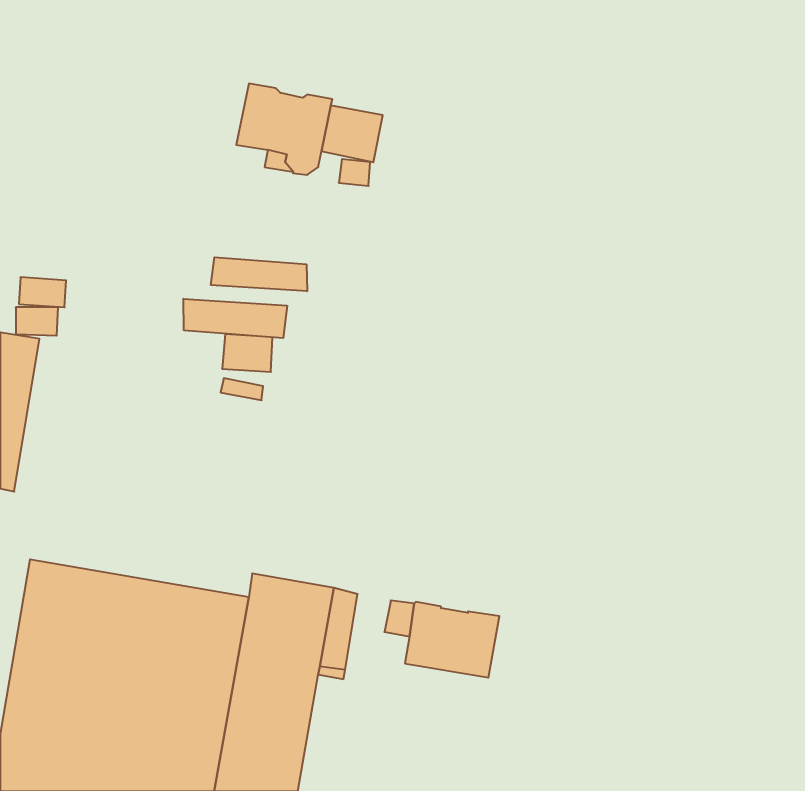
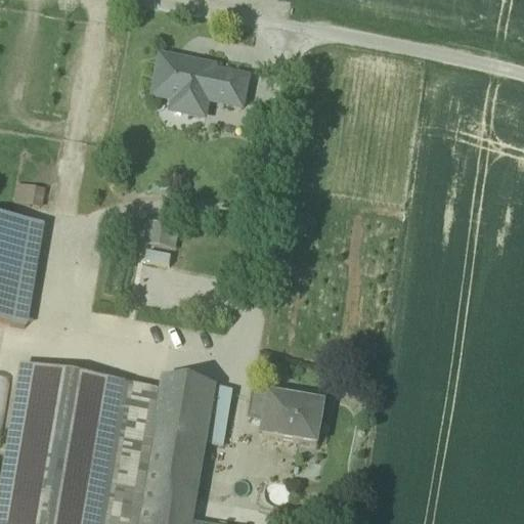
building: [211,257,307,291] -> none
building: [183,299,287,338] -> none
building: none -> [9,220,42,322]

